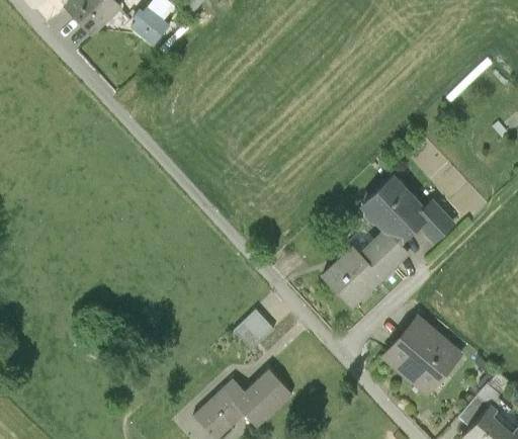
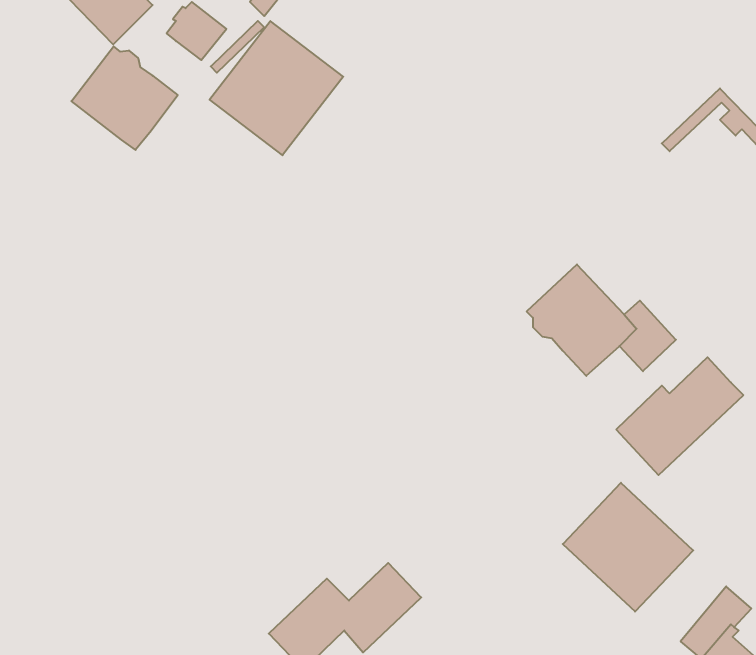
building: none -> [210,21,343,155]
building: none -> [71,46,178,150]
building: [325,231,407,306] -> [616,357,743,475]
building: [235,309,273,346] -> none

